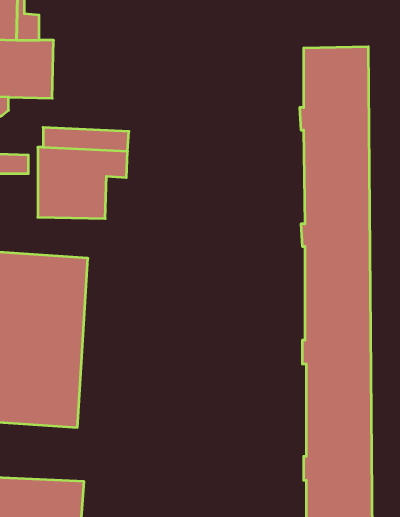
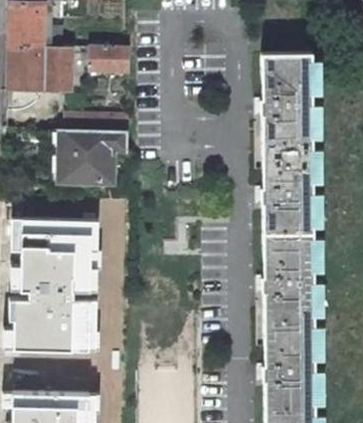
building: none -> [90,48,132,73]

